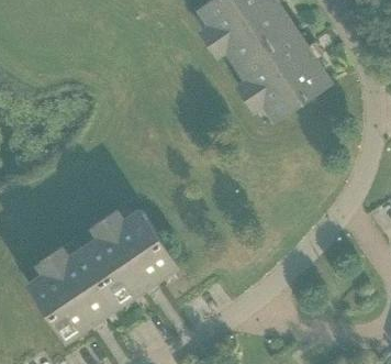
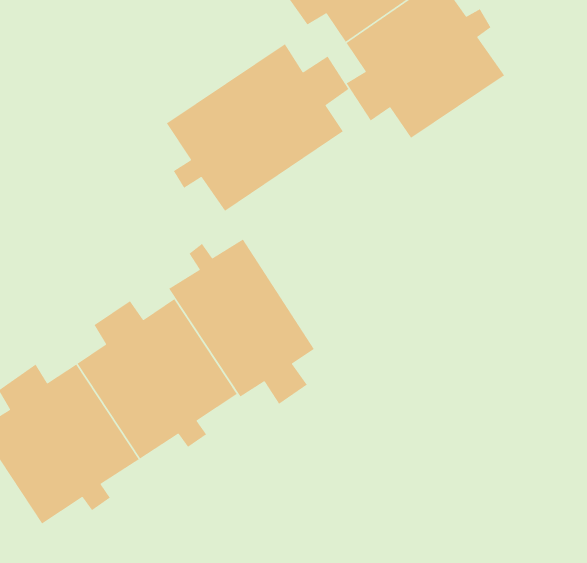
building: none -> [166,43,349,212]
building: none -> [168,238,315,405]

